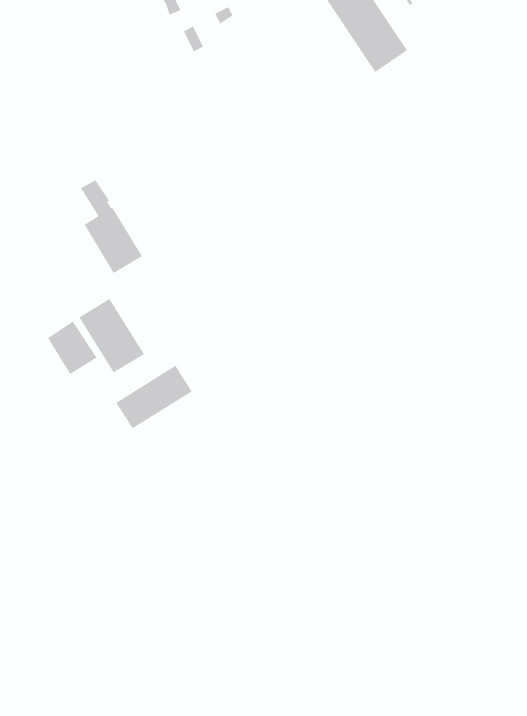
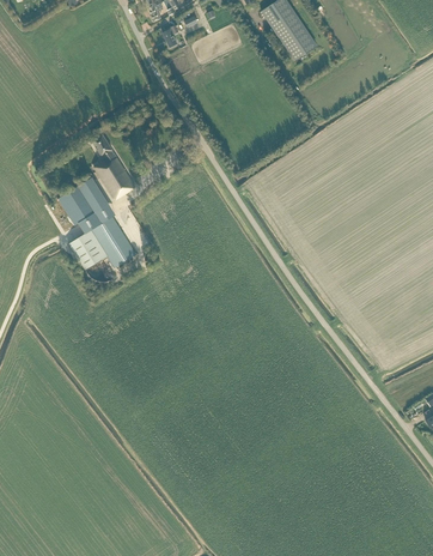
building: none -> [56,176,108,224]
building: [115,365,193,429] -> none

